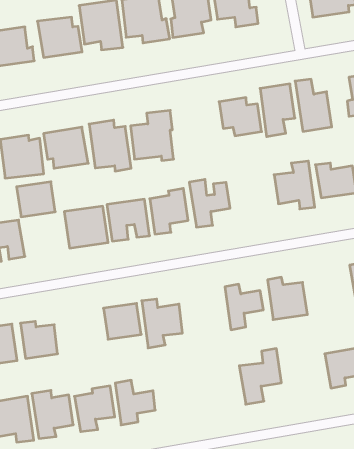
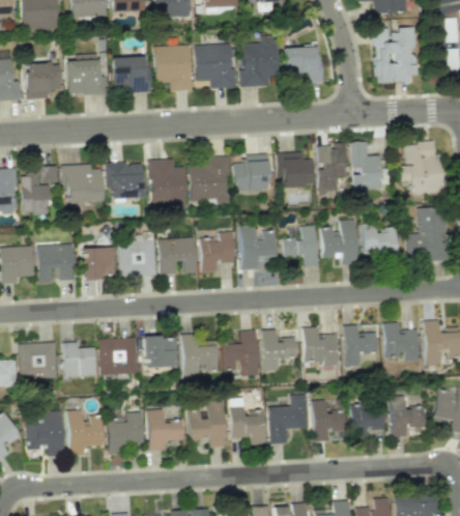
building: none -> [234,153,269,191]
building: none -> [284,225,318,267]
building: [17,182,55,217] -> [82,247,116,277]
building: none -> [344,323,378,365]
building: none -> [223,329,258,372]
building: none -> [99,337,139,374]
building: none -> [312,399,347,441]
building: none -> [231,397,266,445]
building: none -> [190,401,226,447]

